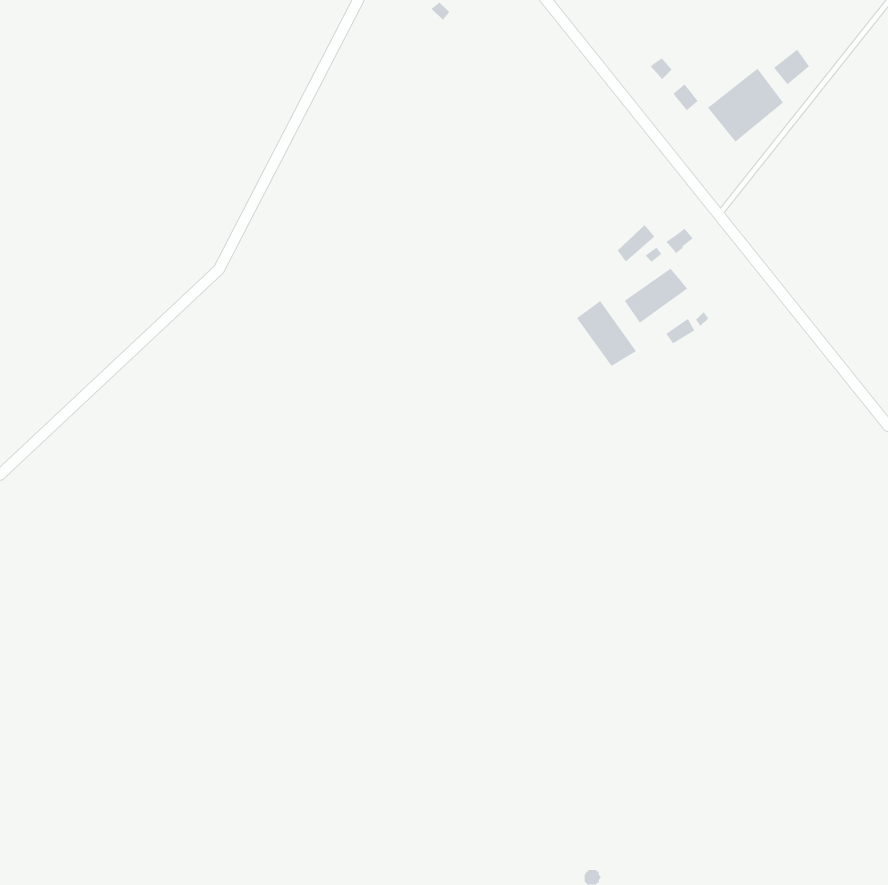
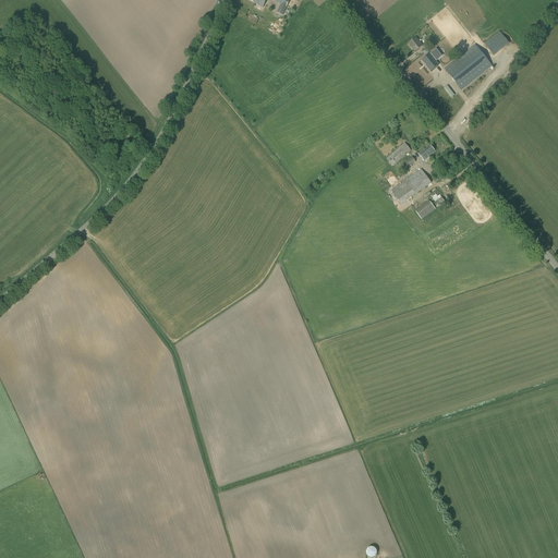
building: [576,300,637,367] -> none

